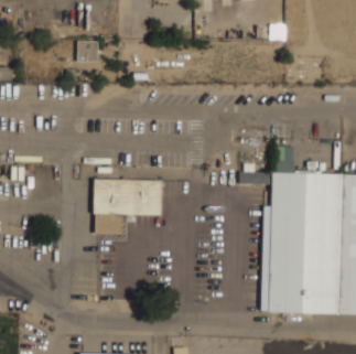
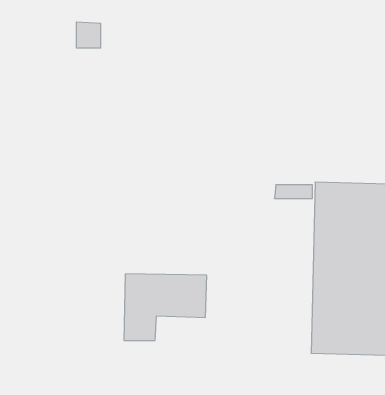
building: [95,179,162,233] -> [124,274,207,340]

